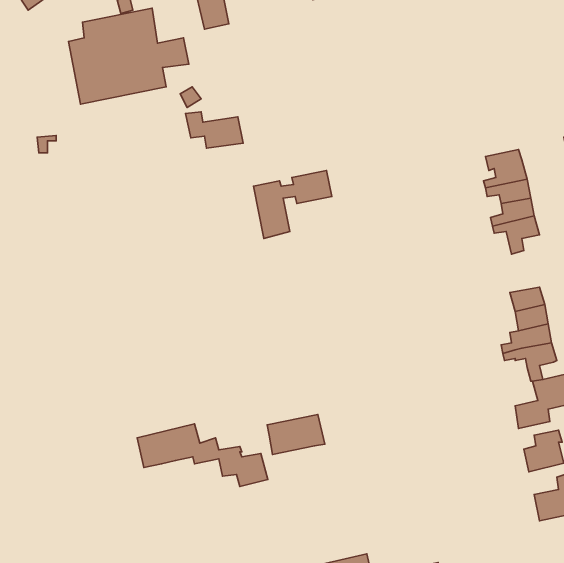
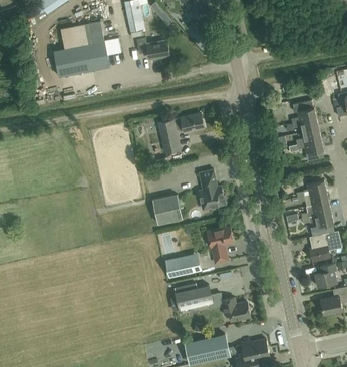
building: [185,112,243,148] -> [136,38,169,59]
building: none -> [199,169,225,209]
building: none -> [152,195,182,224]
building: none -> [207,226,233,263]
building: [137,424,268,487] -> [175,285,250,321]

